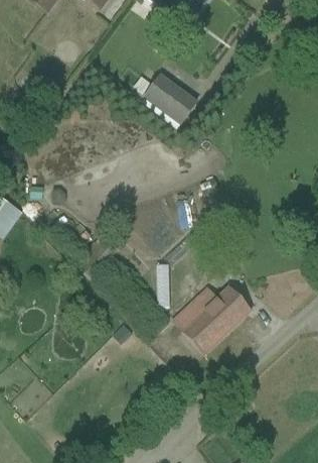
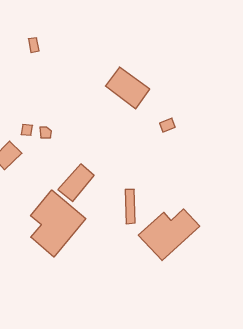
building: [143,73,197,124] -> [105,67,150,109]
building: none -> [31,190,86,257]

